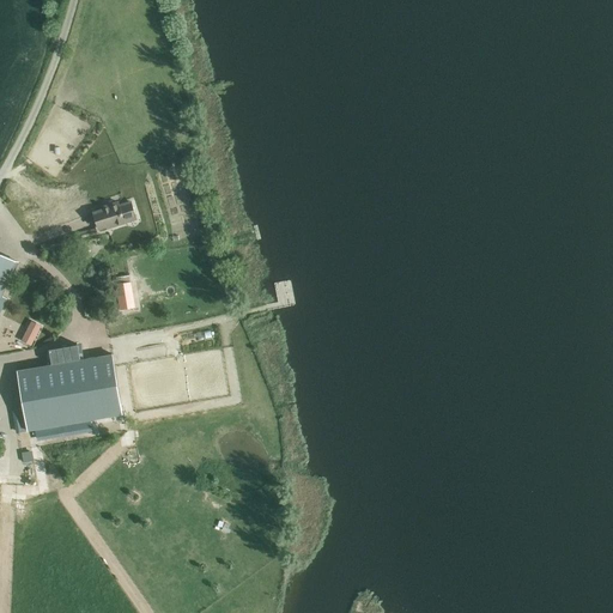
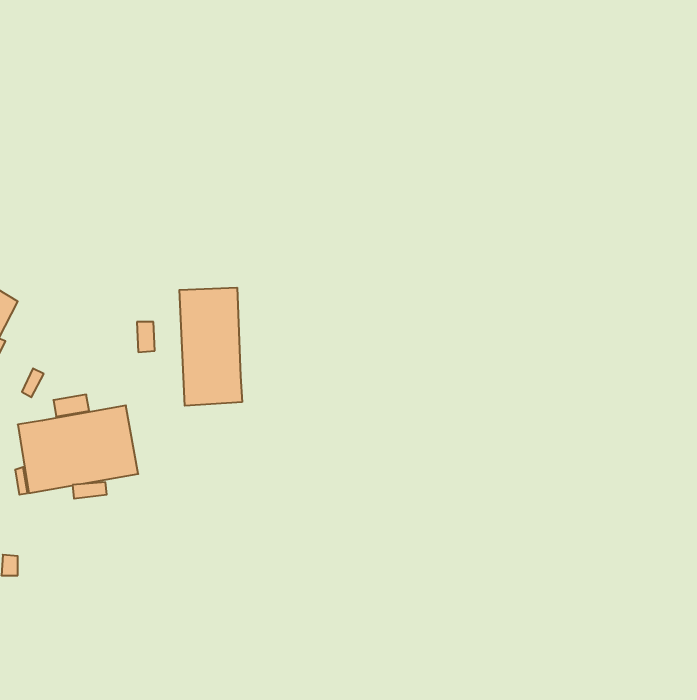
building: [91,202,133,229] -> none
building: none -> [179,288,242,406]

